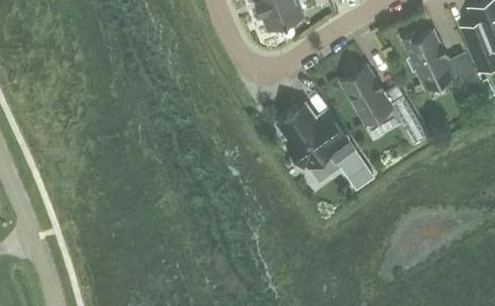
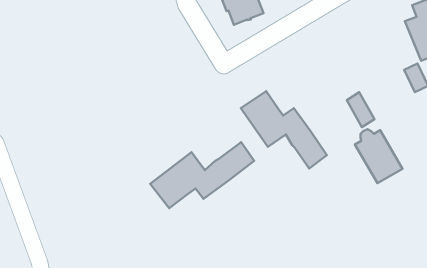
building: [402,31,455,90] -> none
building: [340,64,393,125] -> [355,129,402,183]
building: none -> [150,142,254,208]

